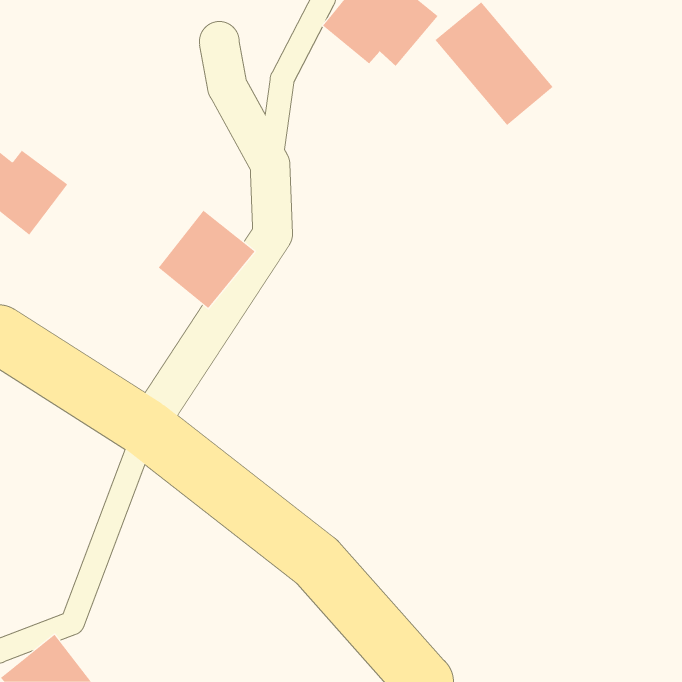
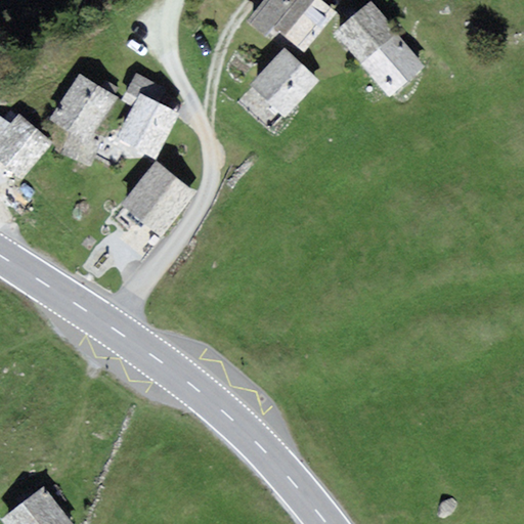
building: none -> [249,49,317,116]
building: none -> [48,72,116,166]
building: none -> [115,72,178,159]

